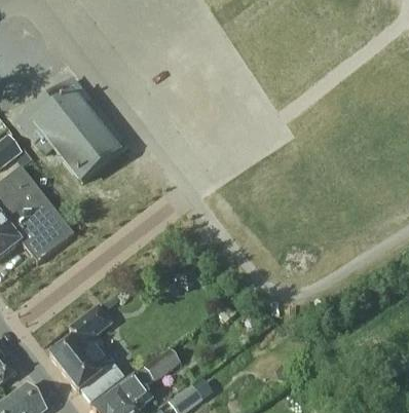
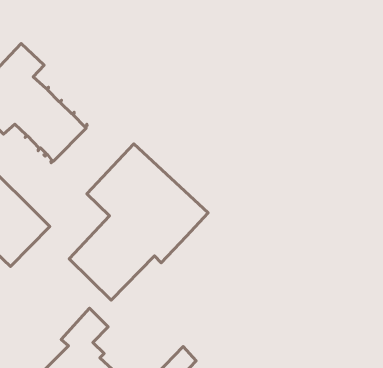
building: none -> [69,144,208,300]

